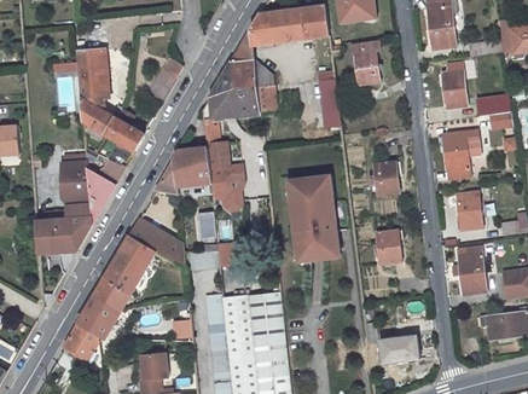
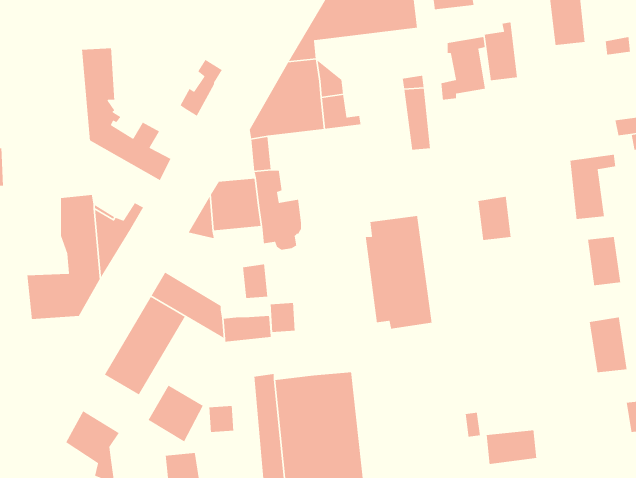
building: [441,63,466,108] -> [484,21,518,81]
building: [376,230,401,263] -> none
building: [77,295,120,338] -> [147,385,204,443]

